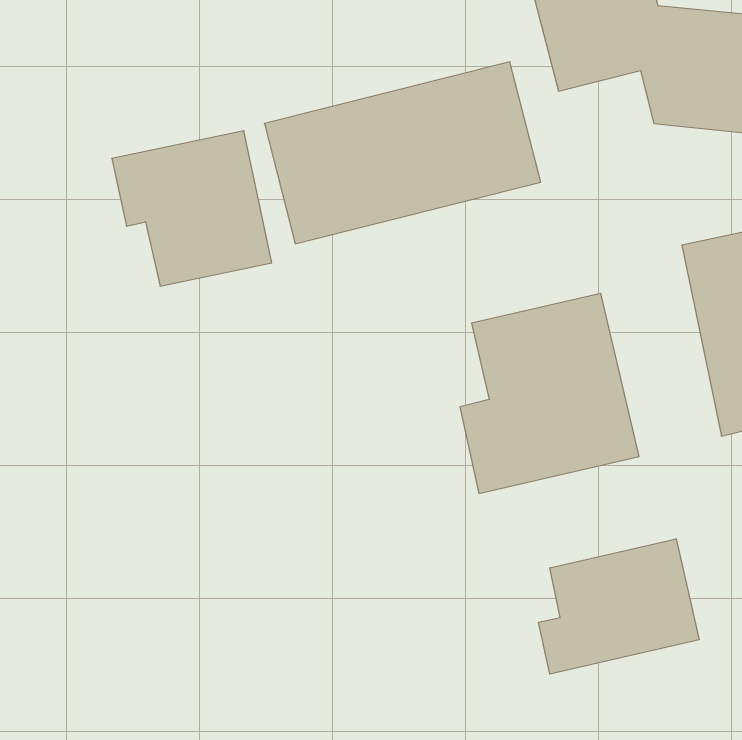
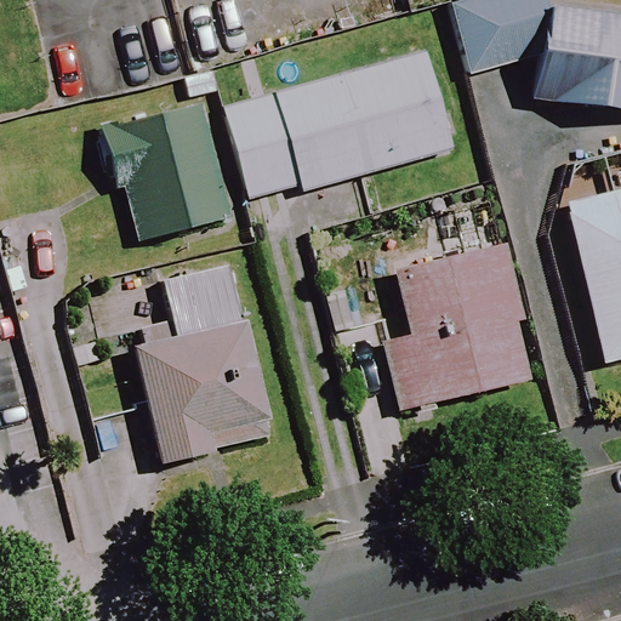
building: none -> [137,258,273,458]
building: [538,539,699,674] -> none

